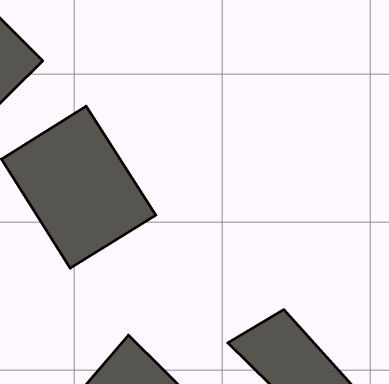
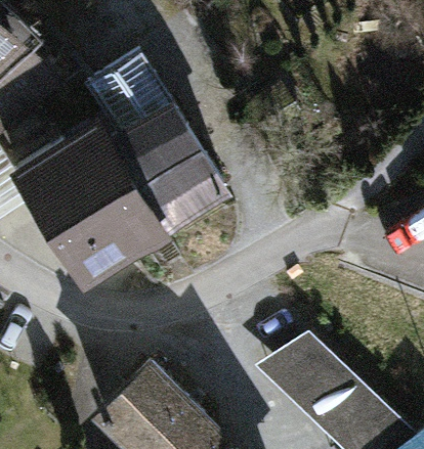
building: none -> [86,48,230,231]

